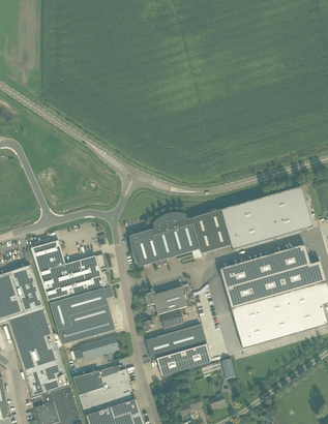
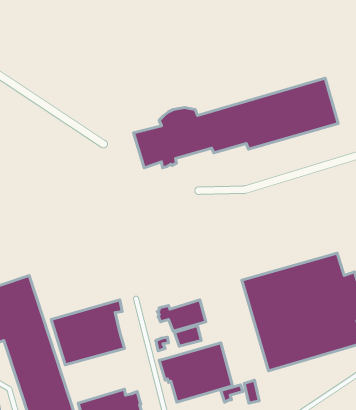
building: [129,186,311,266] -> [134,78,338,168]
building: [30,240,109,301] -> none
building: [79,334,118,359] -> none

